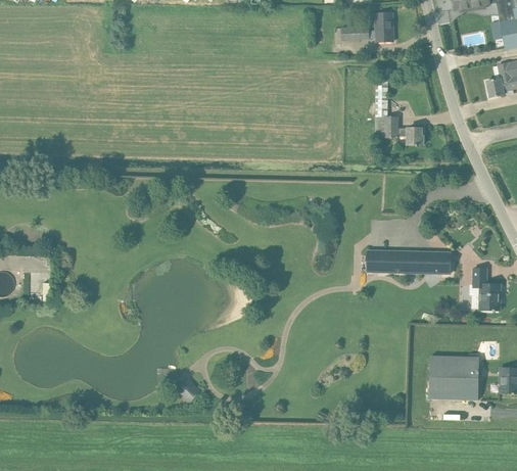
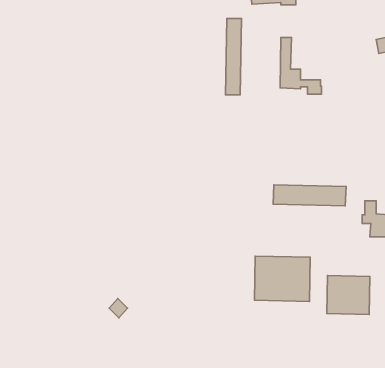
building: none -> [226,18,242,95]
building: none -> [254,256,310,301]

